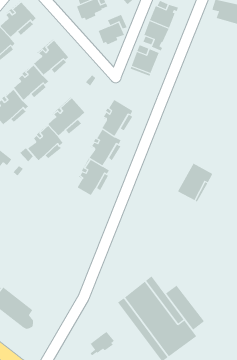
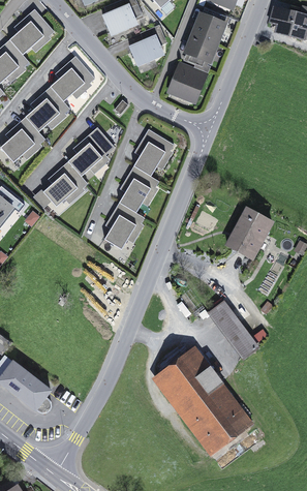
building: [165,285,205,330] -> [208,303,256,359]
building: [89,331,114,356] -> none

